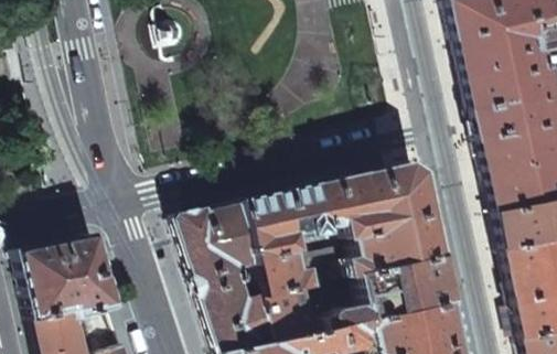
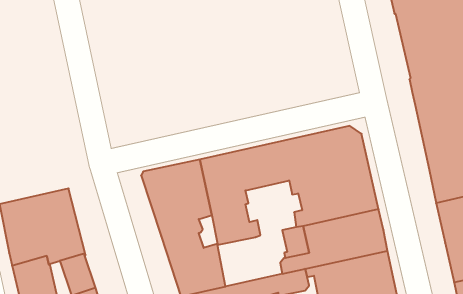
building: [309,247,352,285] -> none
building: [265,287,317,342] -> none

